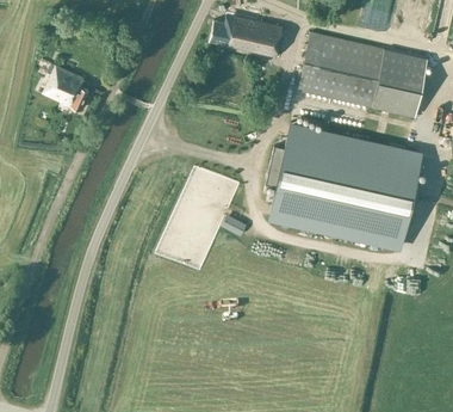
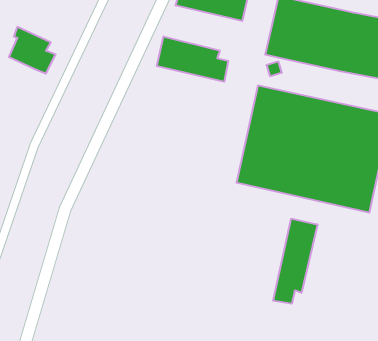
building: none -> [157,36,228,82]
building: none -> [273,219,317,304]

